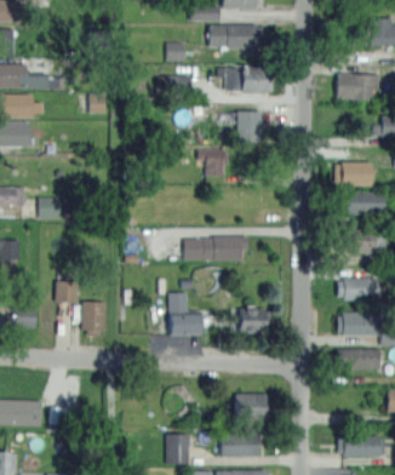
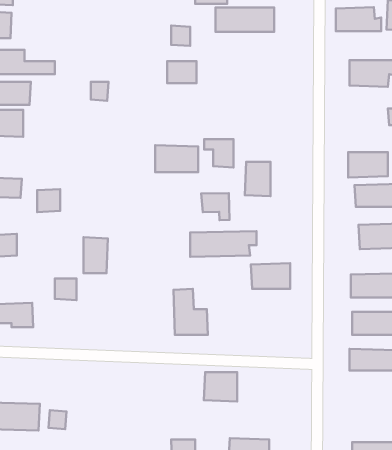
building: none -> [336,7,381,31]
building: [225,68,271,93] -> none
building: [236,111,261,144] -> [245,162,270,196]
building: none -> [155,145,198,172]
building: none -> [201,193,229,220]
building: [82,302,105,336] -> [84,237,108,273]
building: [233,308,270,332] -> [251,263,290,289]
building: [235,394,267,422] -> [204,372,237,401]

